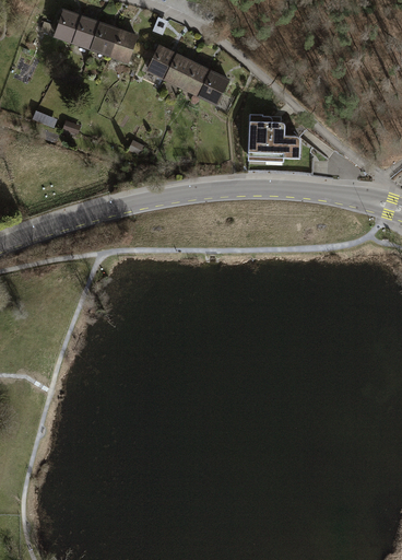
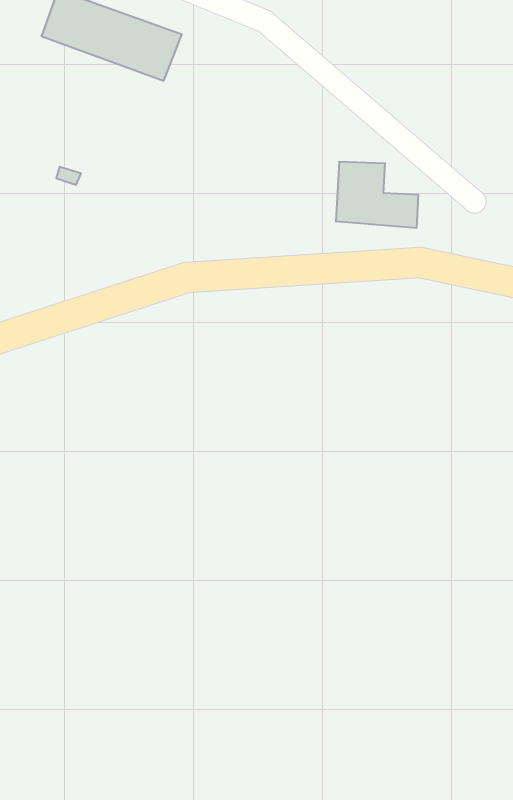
building: [151,46,238,112] -> none

